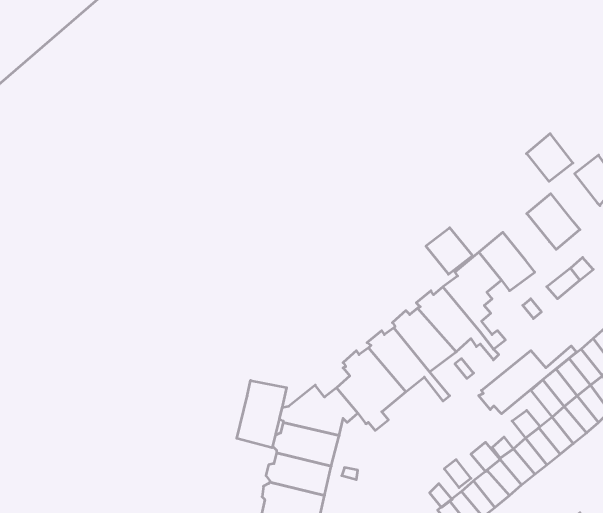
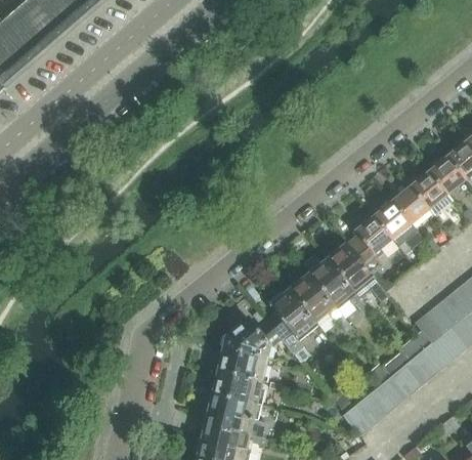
building: [526,134,573,181] -> [429,156,465,193]
building: [426,228,472,274] -> [392,186,428,222]
building: [479,346,577,414] -> none
building: [237,380,287,448] -> none

